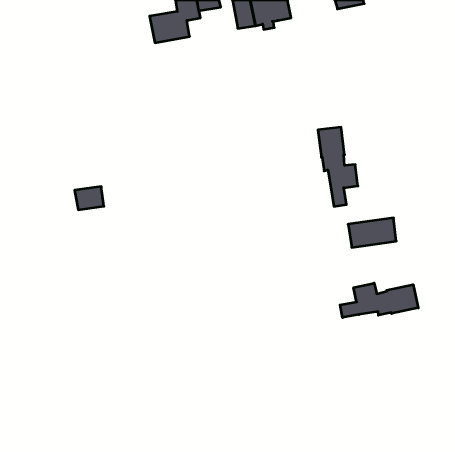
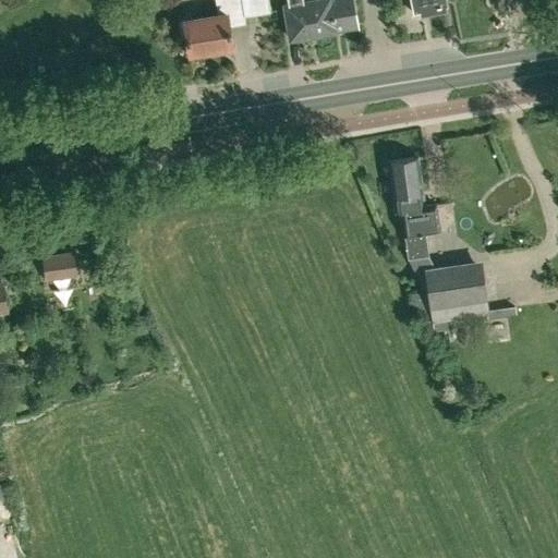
building: [75,187,104,210] -> [41,254,77,282]
building: [340,283,418,318] -> none

